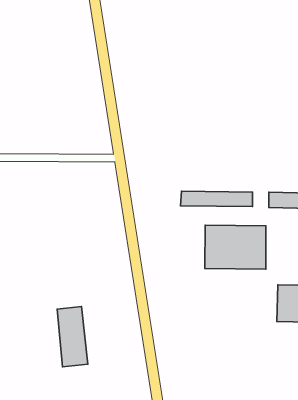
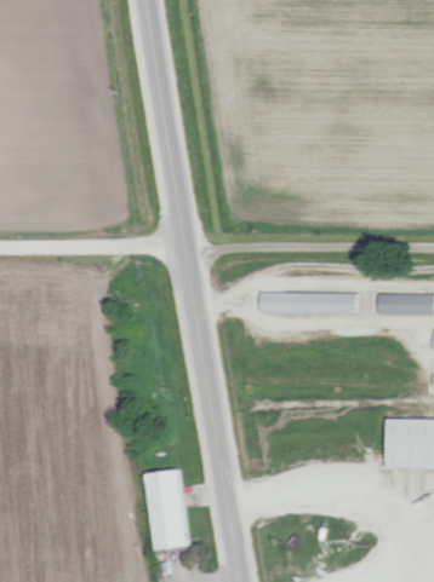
building: [205,225,266,269] -> none
building: [57,307,88,367] -> [145,469,187,551]

